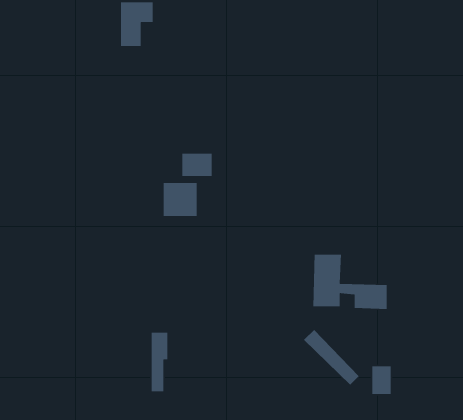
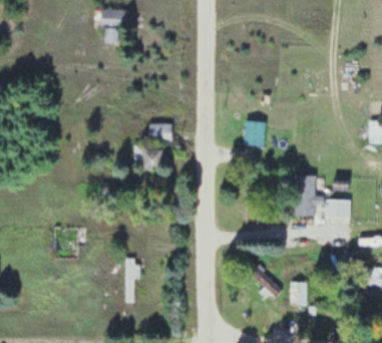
building: none -> [245,122,262,144]
building: [312,254,387,310] -> [294,176,350,218]

